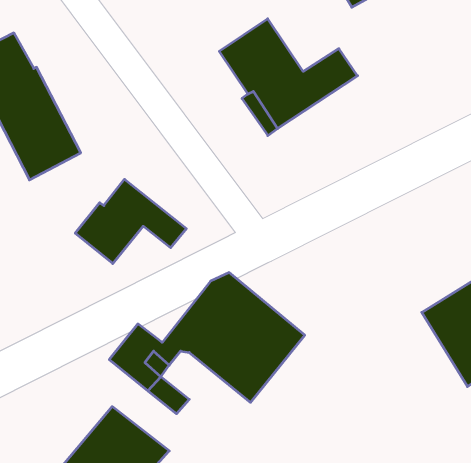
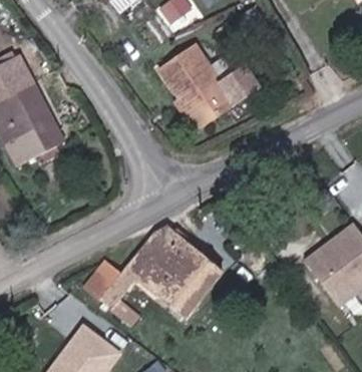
building: [75,179,186,264] -> none

